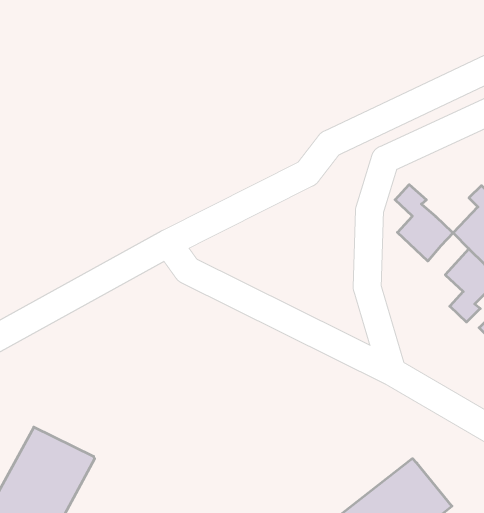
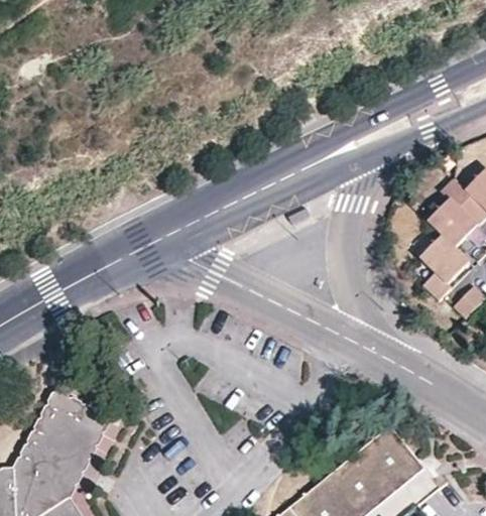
building: [395,185,453,261] -> none

